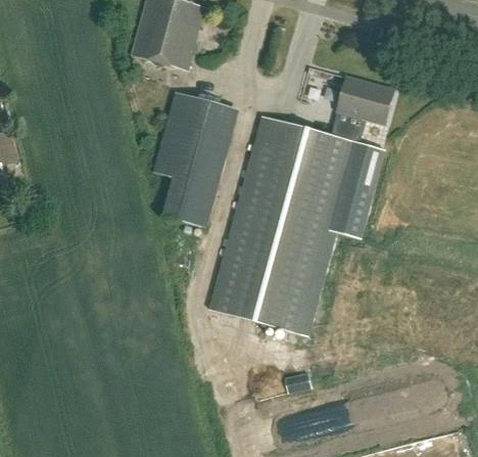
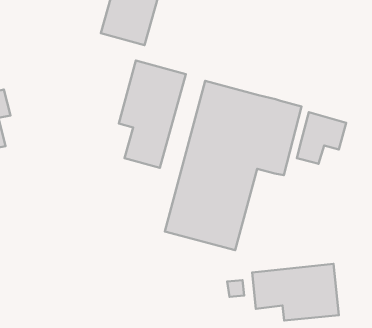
building: [330,77,392,142] -> [297,112,346,164]
building: none -> [252,264,339,321]

